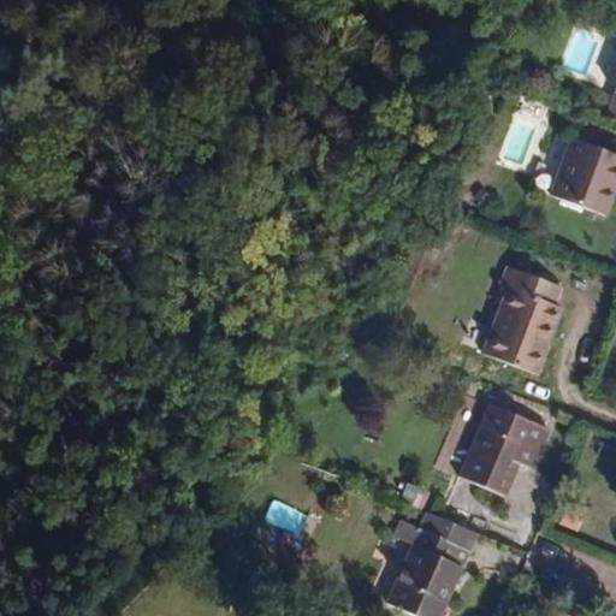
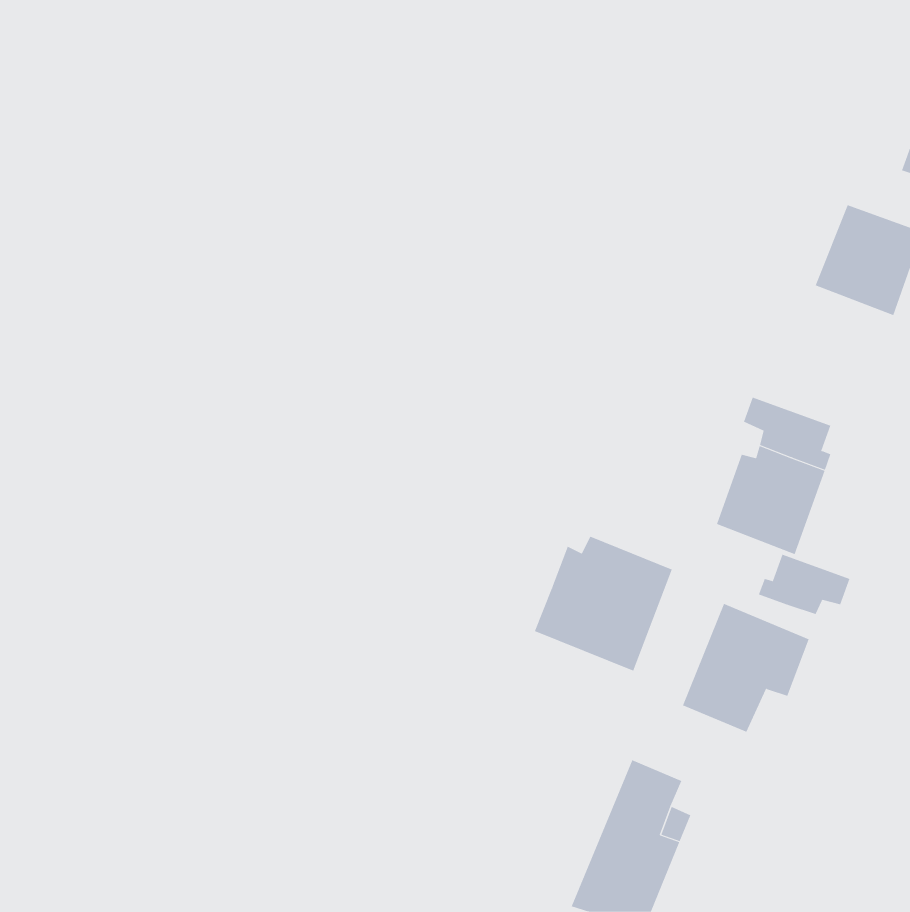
building: none -> [534,536,672,672]
building: none -> [758,554,850,615]

